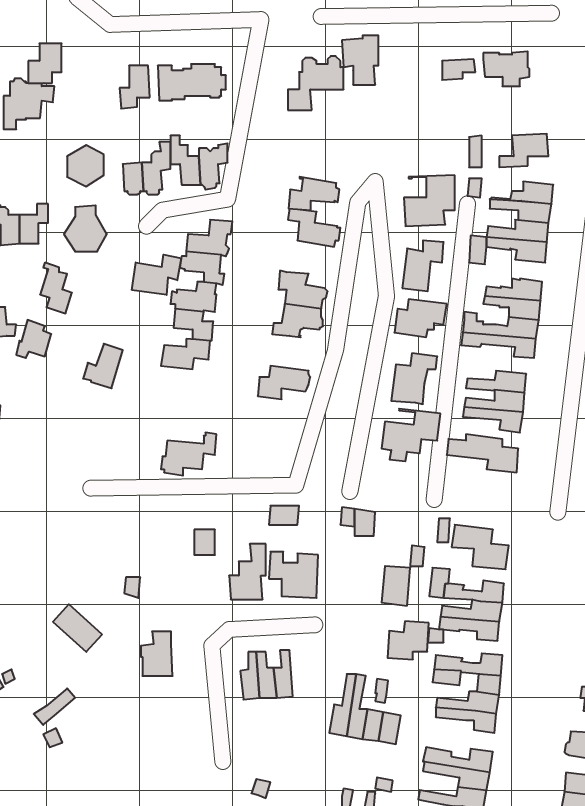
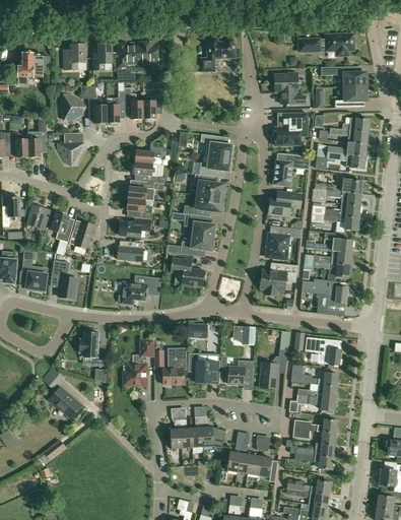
building: [342,35,378,85] -> [274,72,297,104]
building: [28,43,62,83] -> [64,44,85,69]
building: none -> [321,66,365,87]
building: [289,177,339,210] -> [199,154,231,176]
building: [132,255,181,295] -> none
building: [40,263,72,313] -> [52,209,72,242]
building: none -> [184,213,216,238]
building: none -> [117,242,143,261]
building: none -> [22,252,46,291]
building: none -> [171,258,204,288]
building: none -> [52,260,77,299]
building: none -> [79,330,105,366]
building: [388,621,429,659] -> [227,360,254,384]
building: [141,631,173,676] -> [127,355,147,384]
building: none -> [201,416,225,446]

